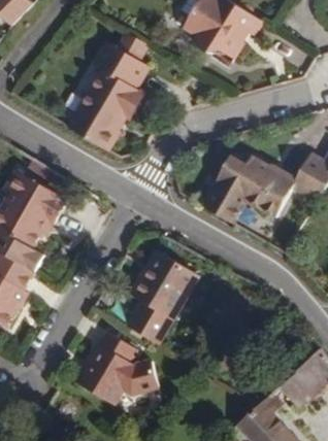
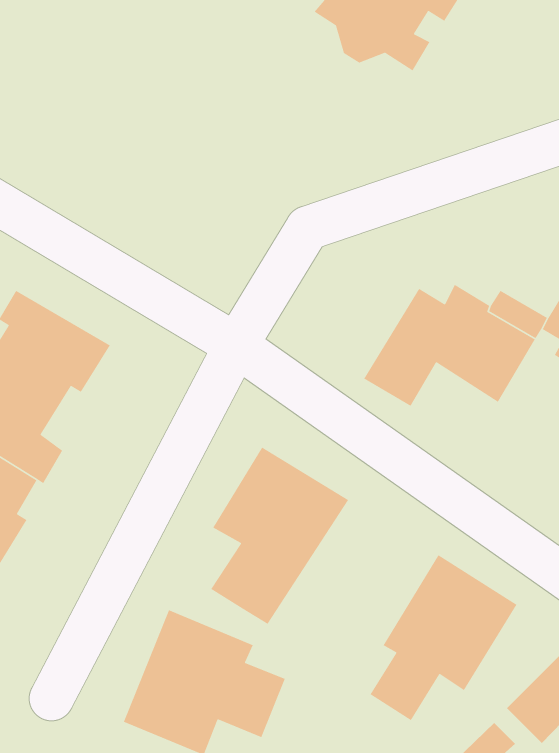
building: [62,46,145,156] -> none
building: none -> [369,554,518,721]

